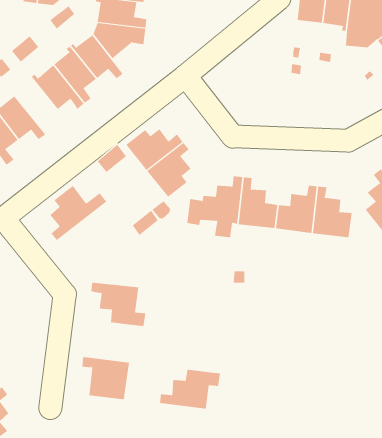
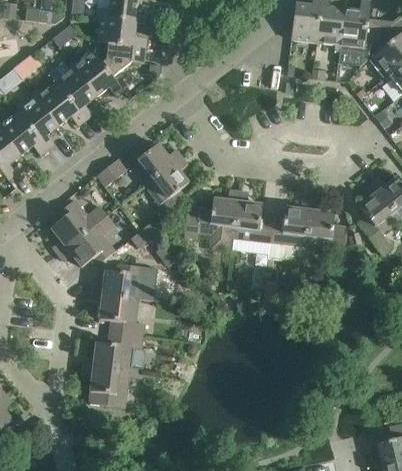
building: none -> [17,93,59,149]
building: none -> [58,214,115,265]
building: none -> [92,262,158,299]
building: [159,369,221,409] -> [83,331,143,370]

